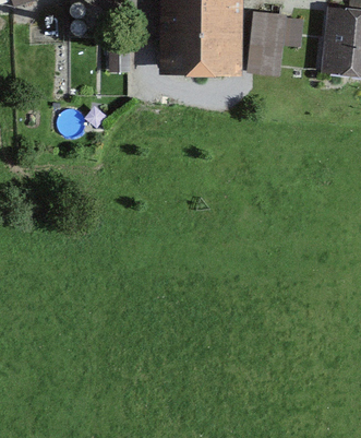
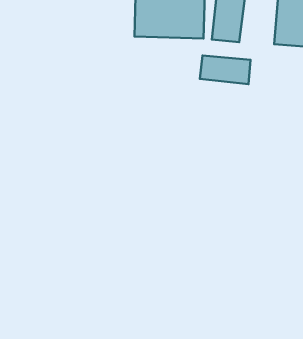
building: none -> [200,56,250,84]

